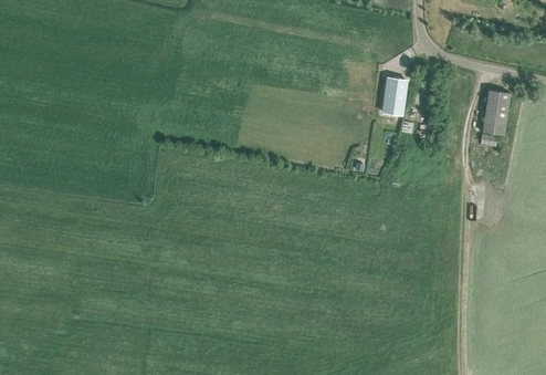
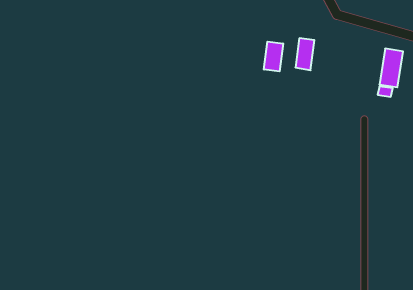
building: none -> [264,42,283,71]

